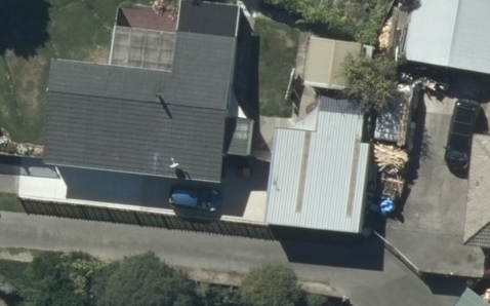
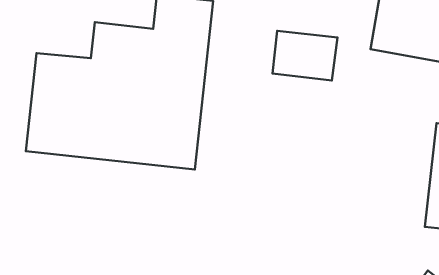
building: [267,95,372,230] -> none

